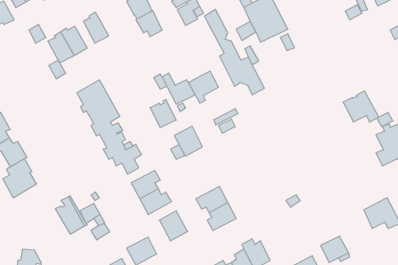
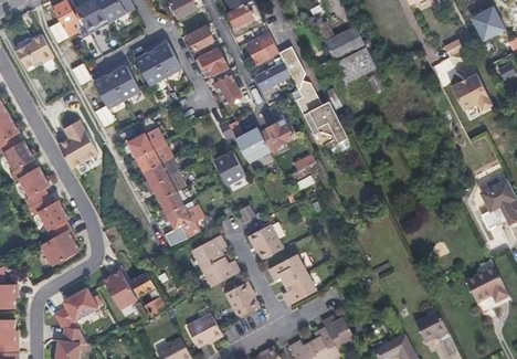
building: none -> [150,41,181,75]
building: none -> [255,61,291,96]
building: none -> [214,75,242,104]
building: none -> [57,119,98,168]
building: [343,91,379,122] -> [451,73,493,109]
building: [174,126,202,156] -> [250,223,283,258]
building: none -> [53,287,98,328]

